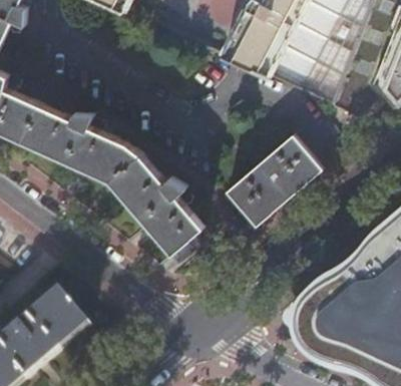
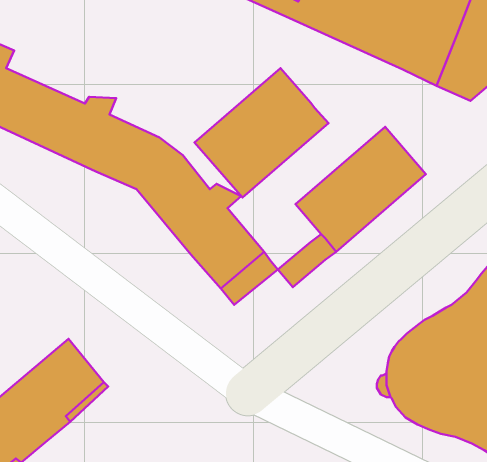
building: none -> [195,68,329,198]

